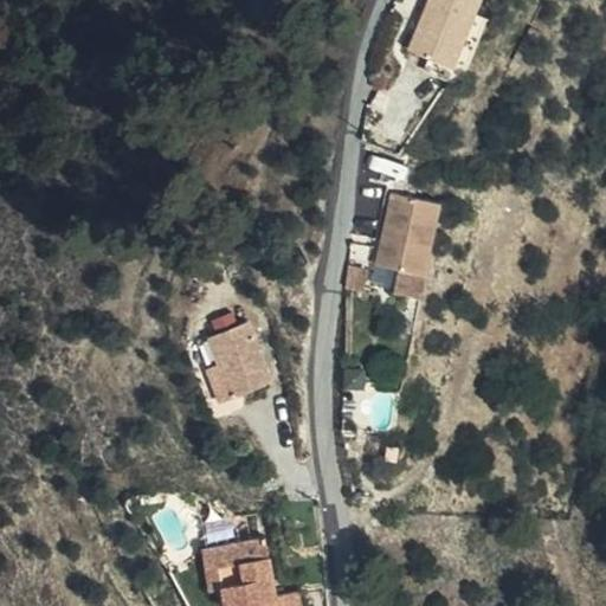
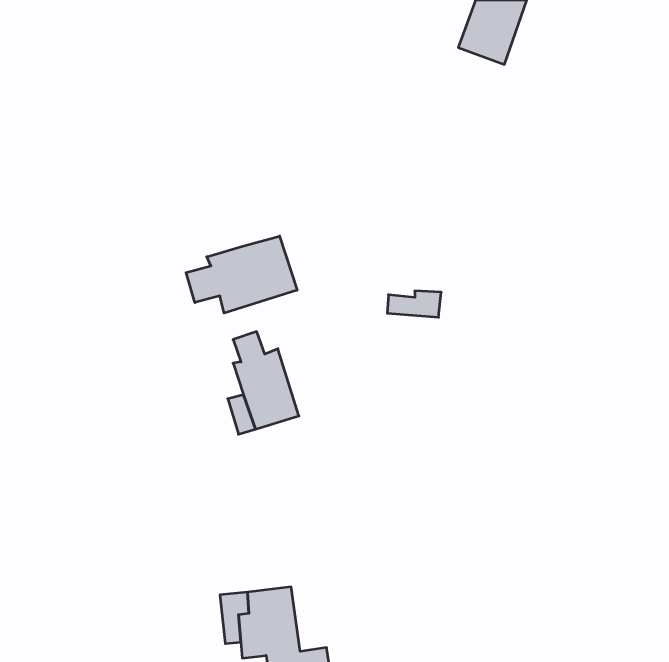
building: [376,193,445,277] -> none
building: none -> [186,236,297,313]

